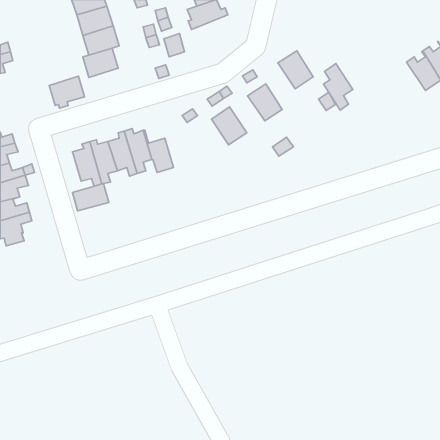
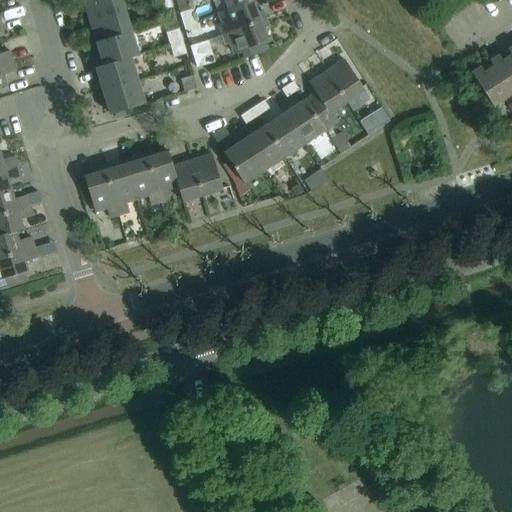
building: none -> [223,17,268,53]
building: [324,64,353,110] -> [309,73,343,127]
building: [49,76,84,108] -> [104,79,145,116]
building: none -> [267,111,308,154]
building: none -> [225,138,266,182]
building: none -> [192,153,223,194]
building: [72,184,109,211] -> none

